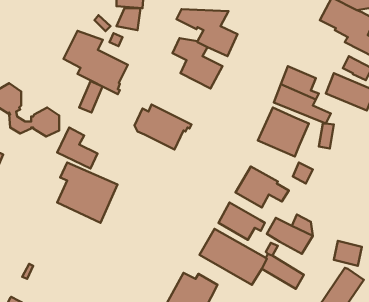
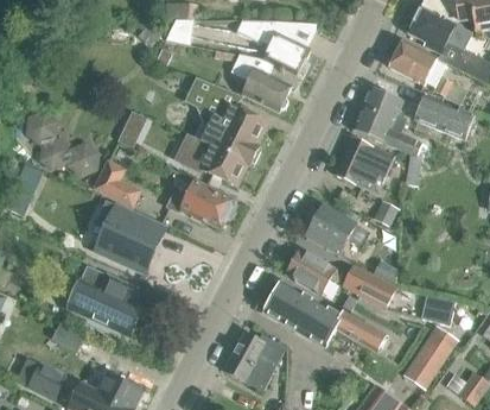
building: none -> [389,38,437,83]
building: [64,31,128,94] -> [190,81,266,156]
building: none -> [166,181,236,229]
building: none -> [68,265,144,336]

